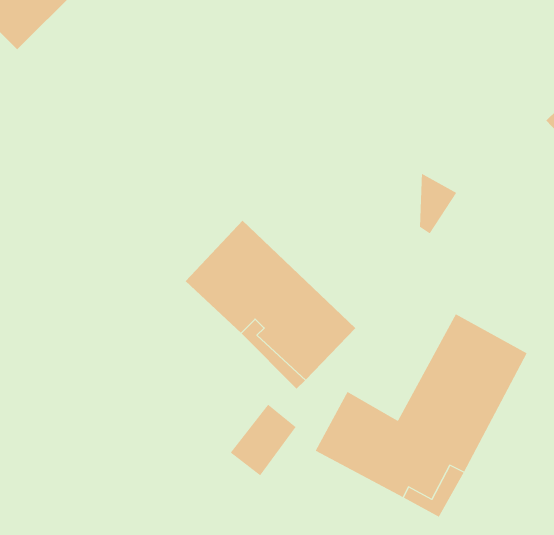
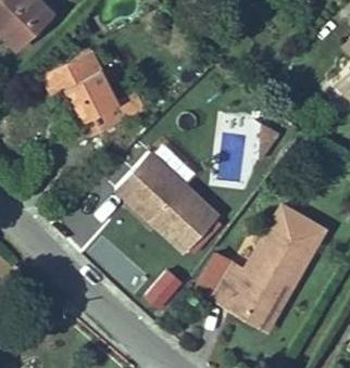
building: none -> [47,51,123,141]

